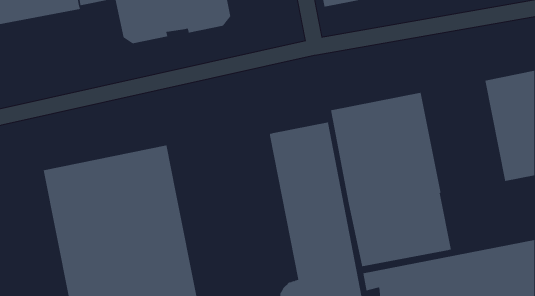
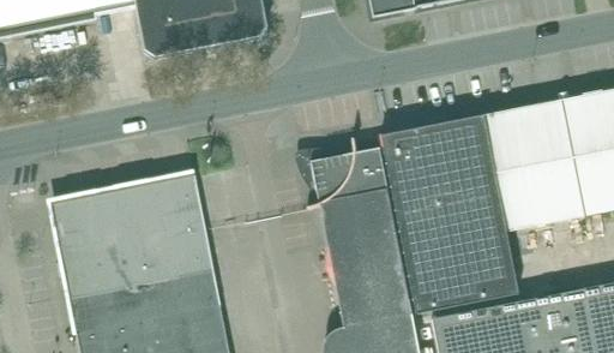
building: none -> [483,101,578,231]

